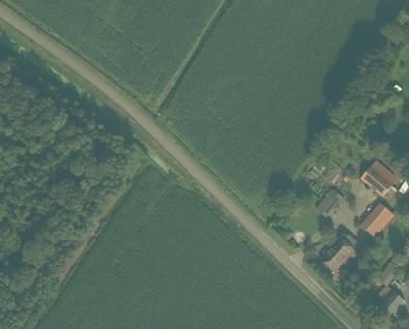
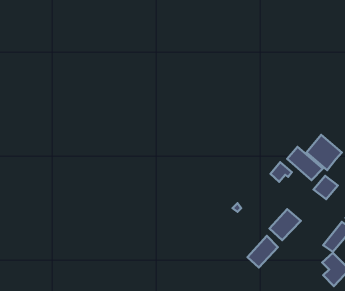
building: none -> [287,147,323,180]
building: none -> [247,236,278,267]

